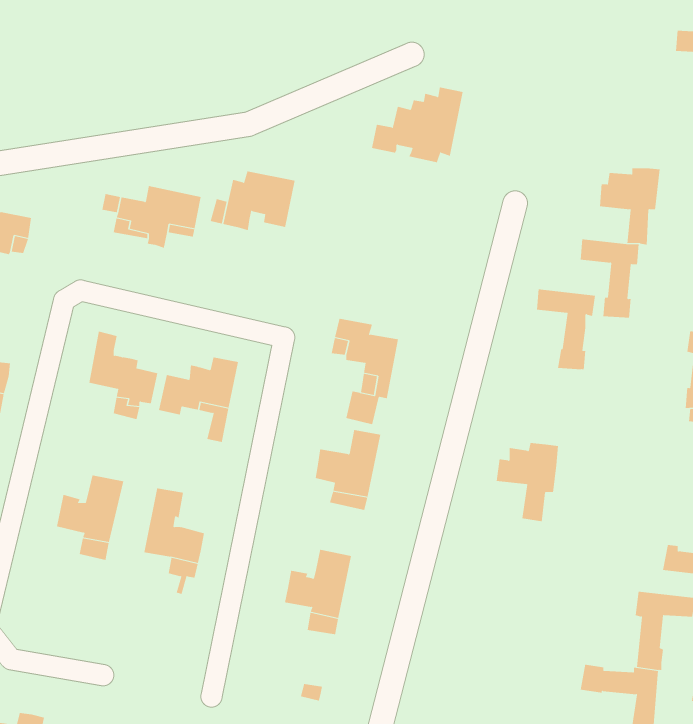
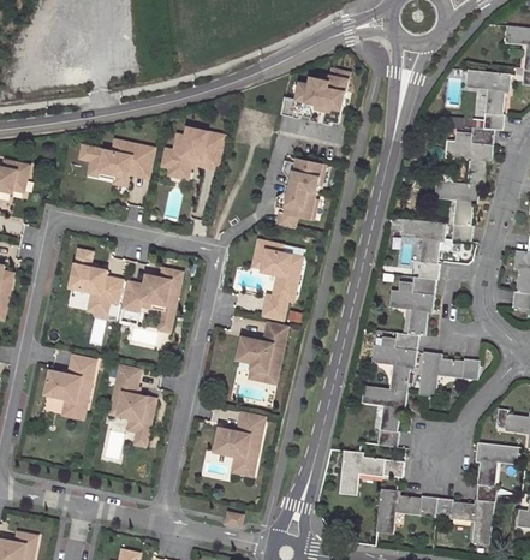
building: none -> [468,70,511,130]
building: none -> [273,156,326,227]
building: none -> [391,275,436,335]
building: none -> [419,351,481,395]
building: none -> [363,385,407,446]
building: none -> [340,449,404,494]
building: none -> [376,488,439,532]

